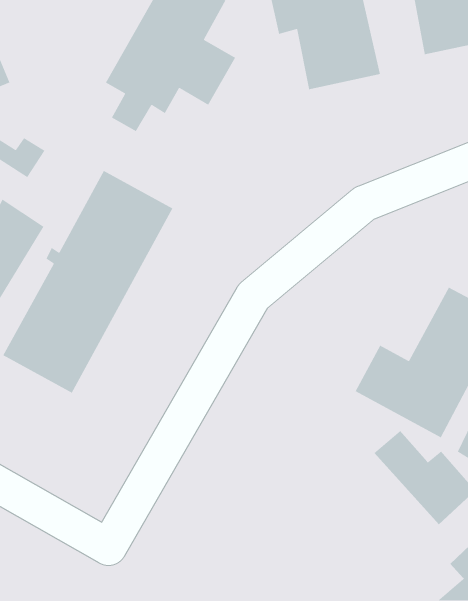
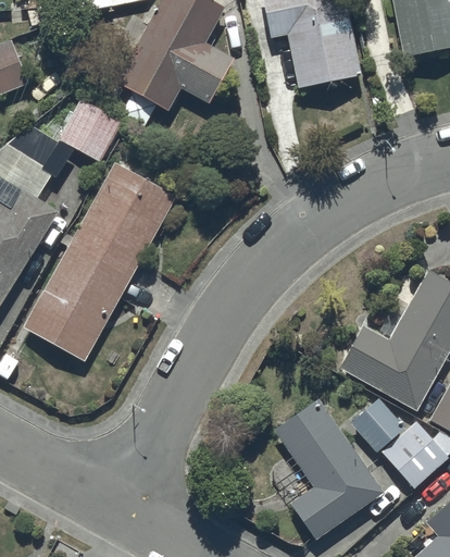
building: none -> [58,99,122,163]
building: none -> [274,394,385,535]

